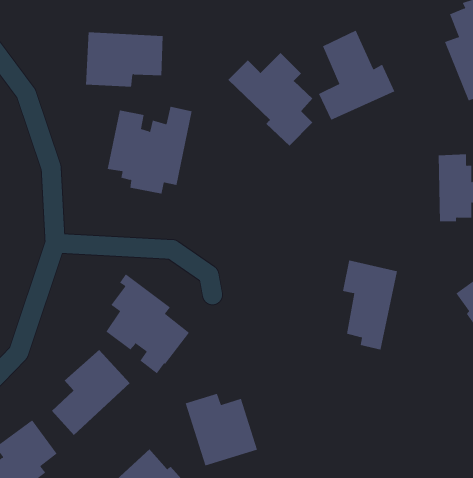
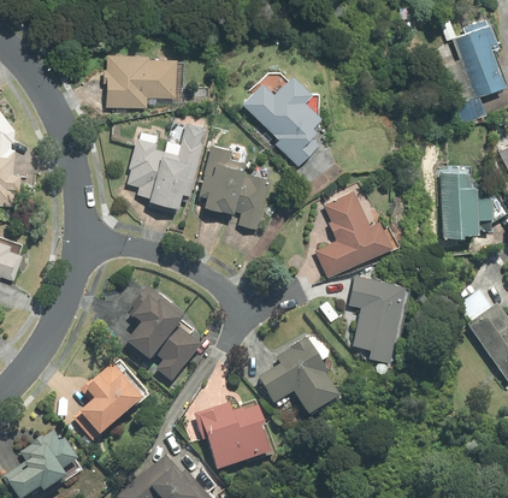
building: [318,30,395,120] -> [318,189,391,275]
building: none -> [199,143,268,230]
building: none -> [259,338,339,413]

